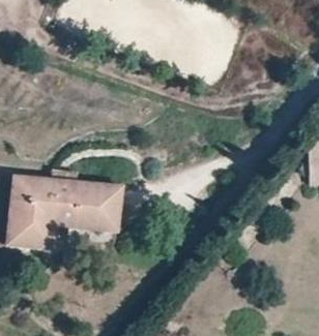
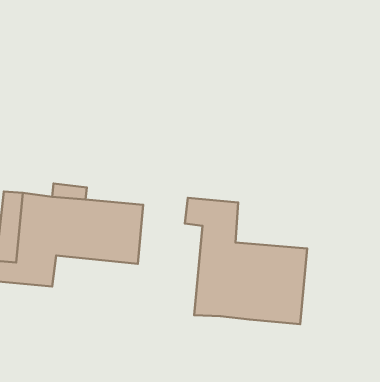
building: none -> [185,198,307,324]

